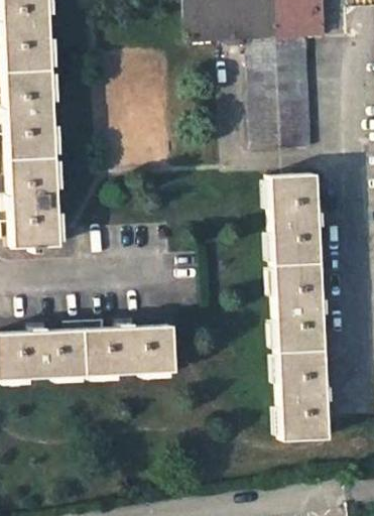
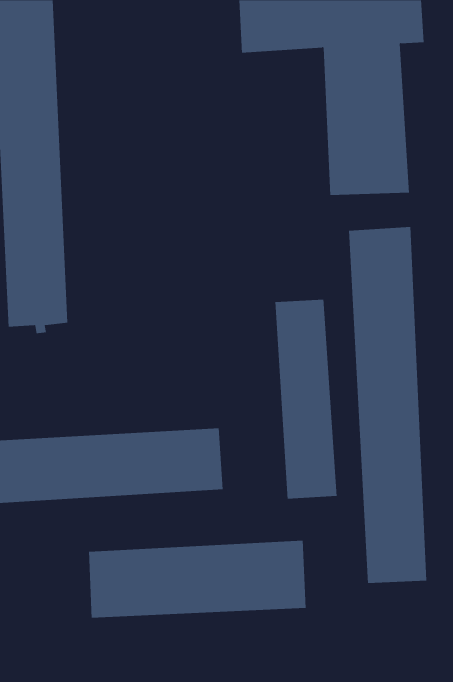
building: none -> [275,299,337,500]
building: none -> [88,540,306,618]

